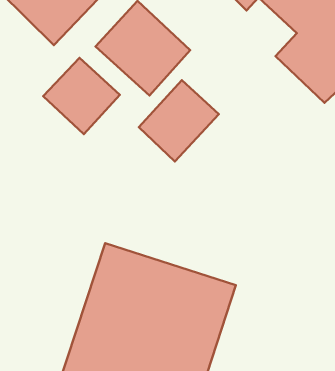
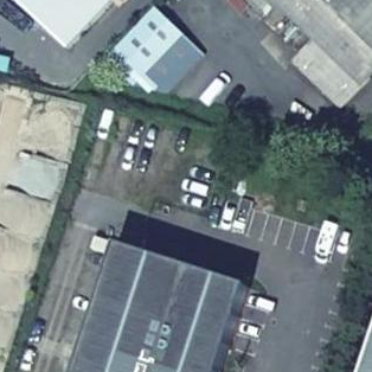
building: [43,58,120,134] -> none
building: [139,80,219,162] -> none

